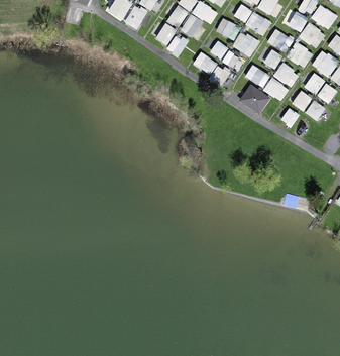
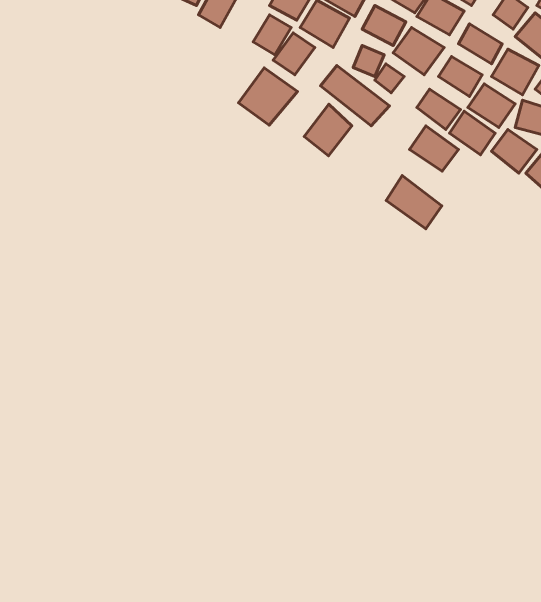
building: none -> [238,68,298,125]
building: none -> [304,104,352,156]
building: none -> [386,176,442,229]

